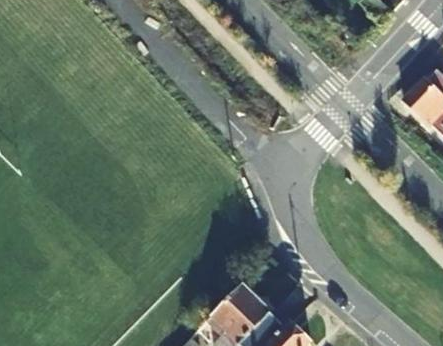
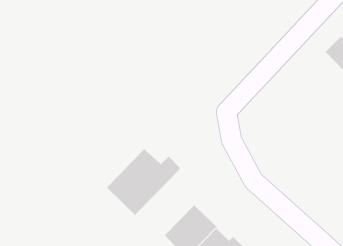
building: none -> [106,149,180,216]

